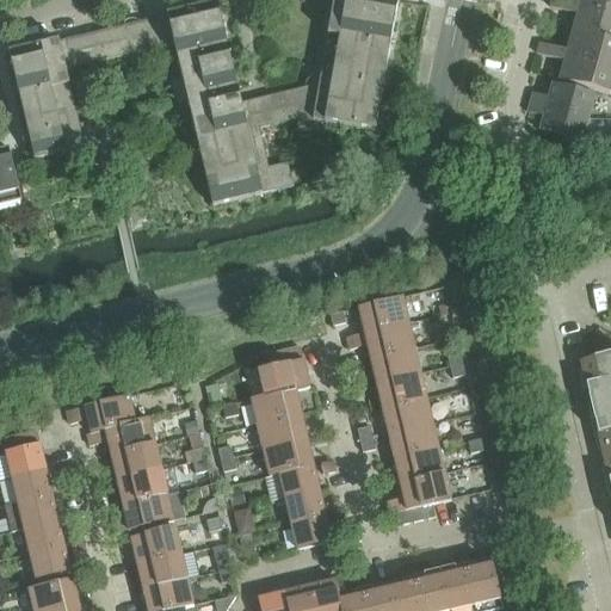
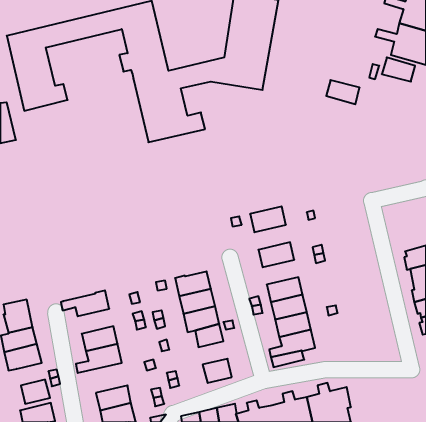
building: [541,106,588,141] -> [326,80,360,104]
building: [346,322,415,358] -> none
building: [259,346,310,396] -> none
building: [376,372,427,408] -> none
building: [67,395,136,432] -> none
building: [111,443,162,479] -> none
building: [284,489,326,523] -> none
building: [24,520,64,553] -> none
building: [131,526,183,563] -> none

